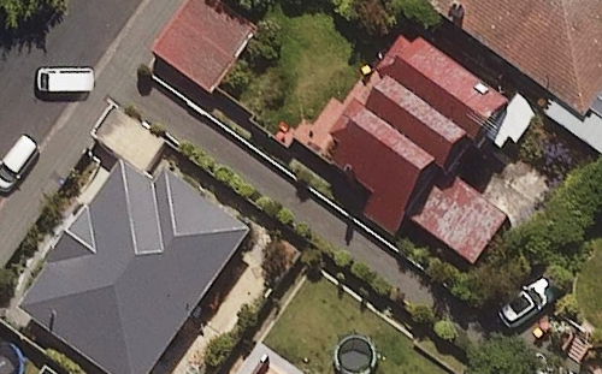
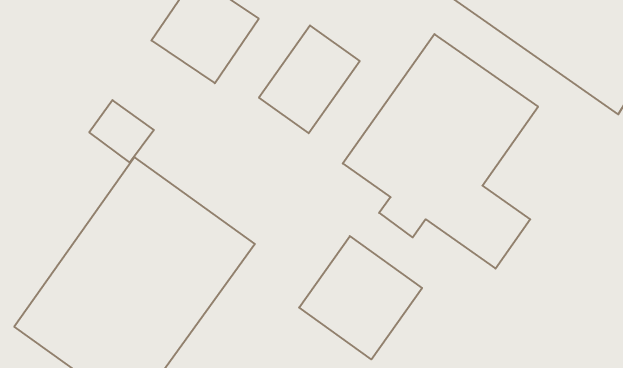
building: none -> [259,25,360,133]
building: none -> [299,236,422,359]

